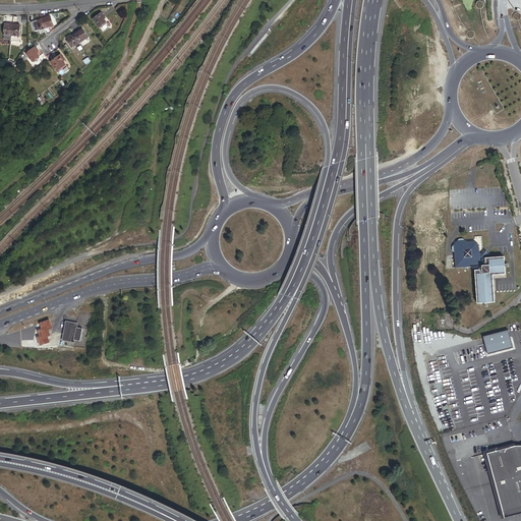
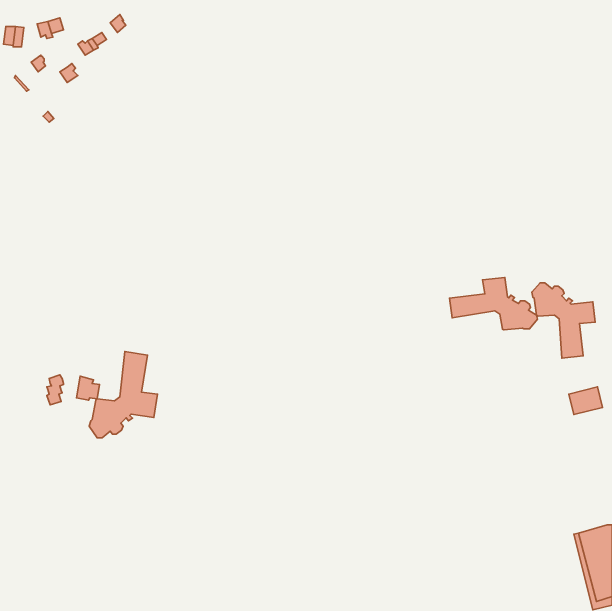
building: none -> [450,277,538,330]
building: none -> [89,352,158,438]

